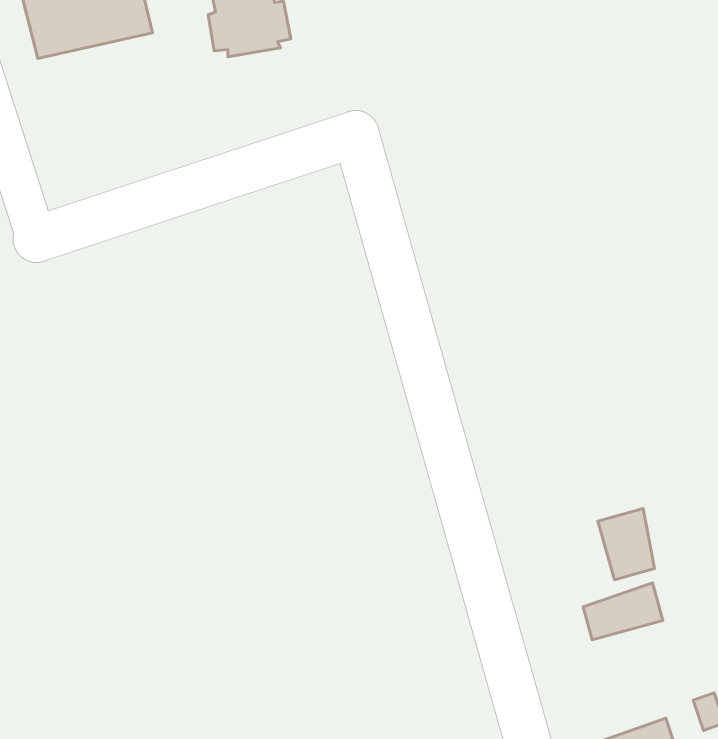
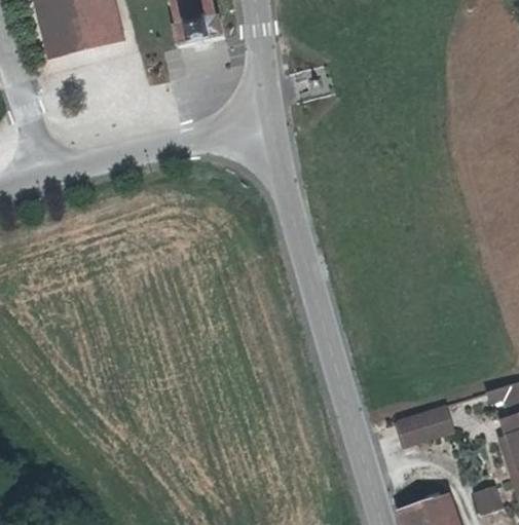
building: [598,508,654,580] -> none

